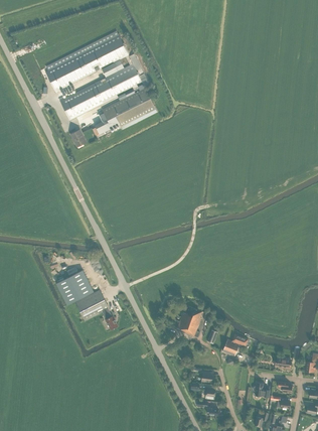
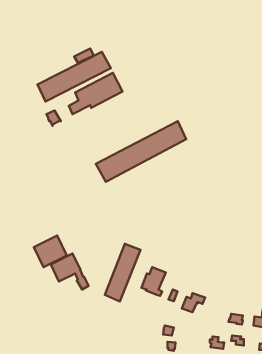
building: [45,35,127,90] -> none
building: none -> [96,121,186,182]
building: none -> [105,244,141,302]

